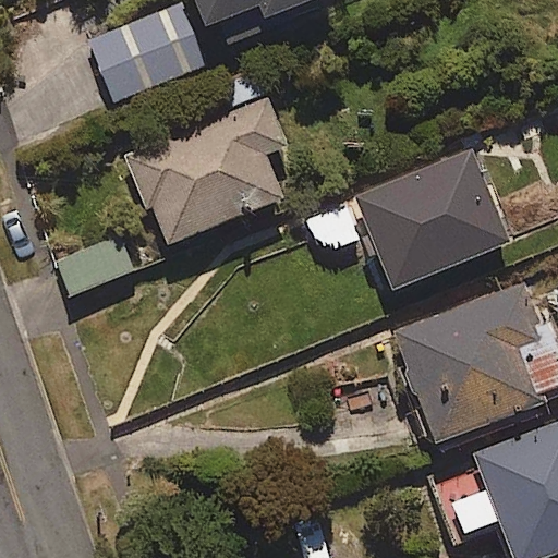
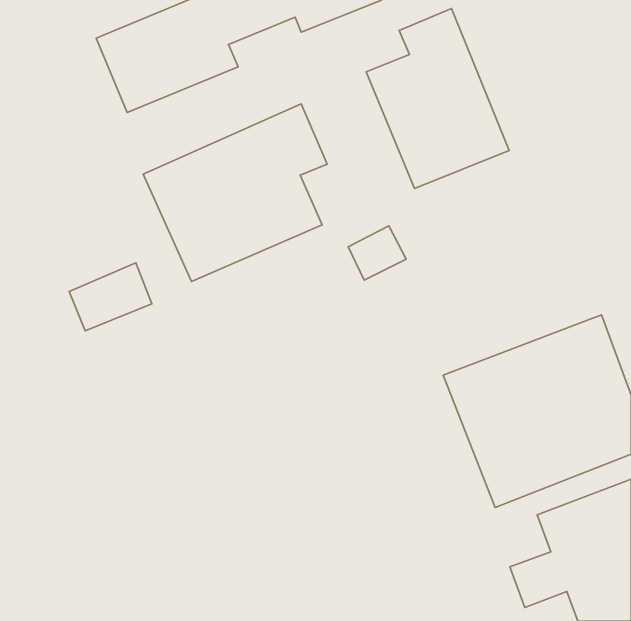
building: none -> [366,9,509,188]
building: [356,148,512,292] -> none

